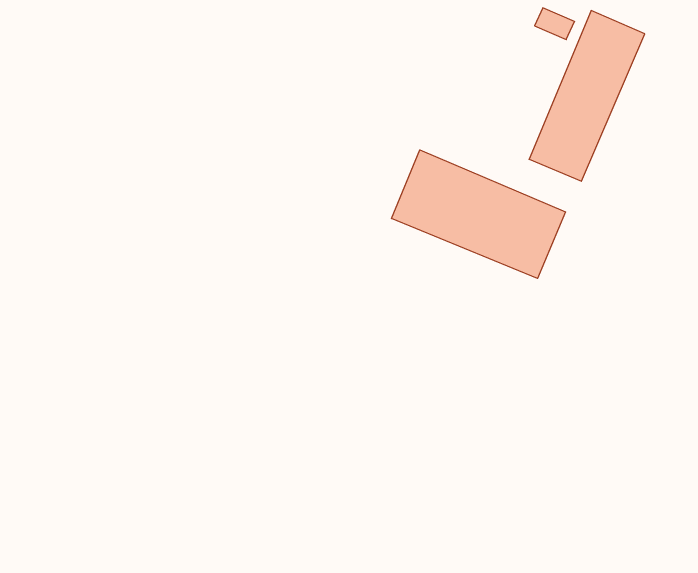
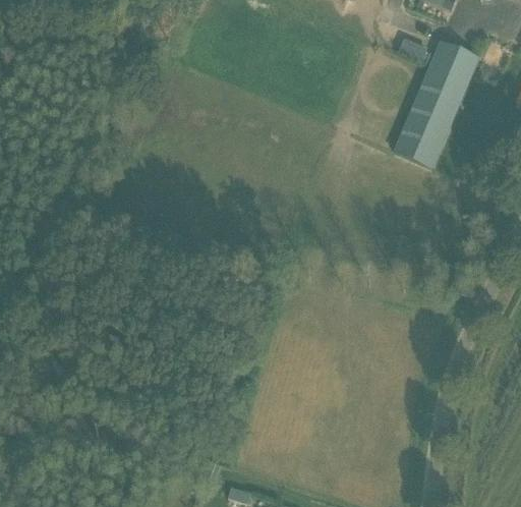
building: [392,150,566,278] -> none

